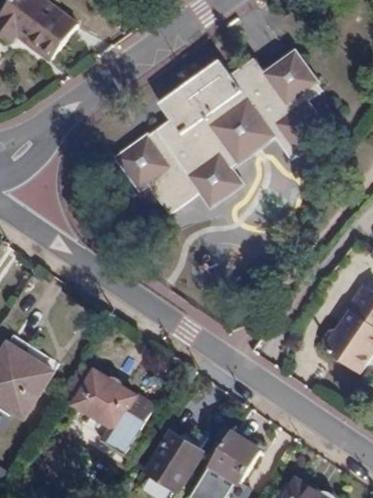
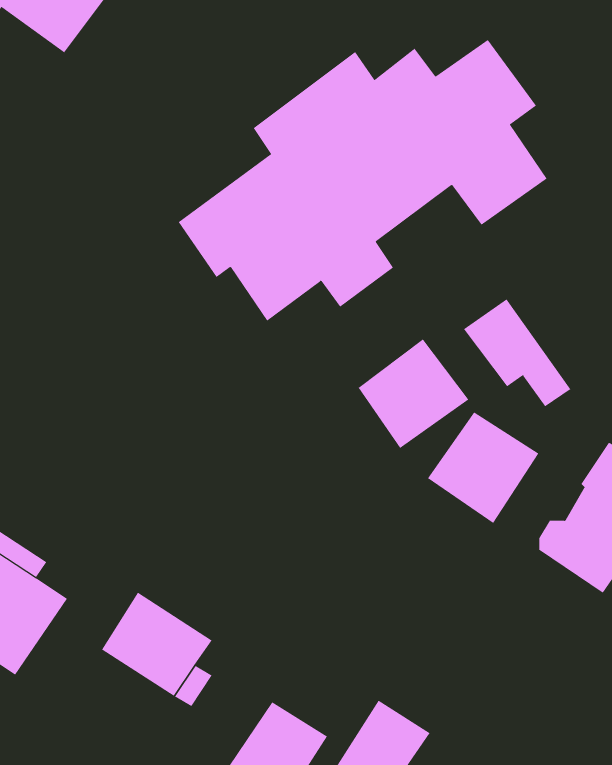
building: none -> [463,298,571,407]
building: none -> [358,339,469,449]
building: none -> [427,412,539,524]

